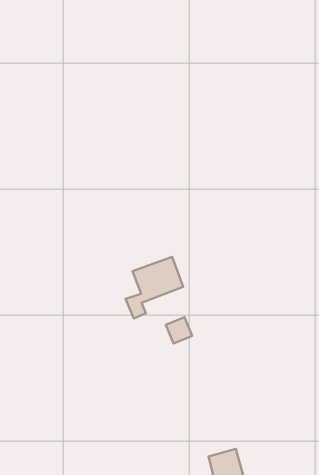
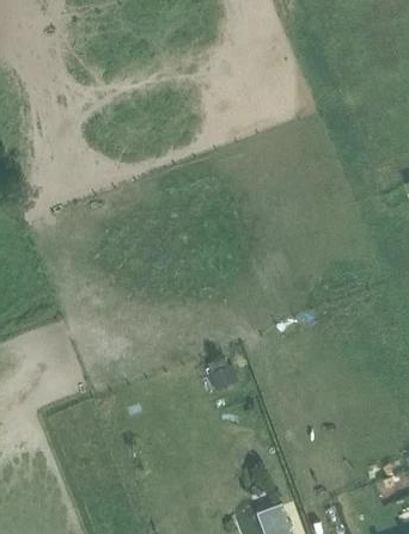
building: [126,257,183,319] -> none

